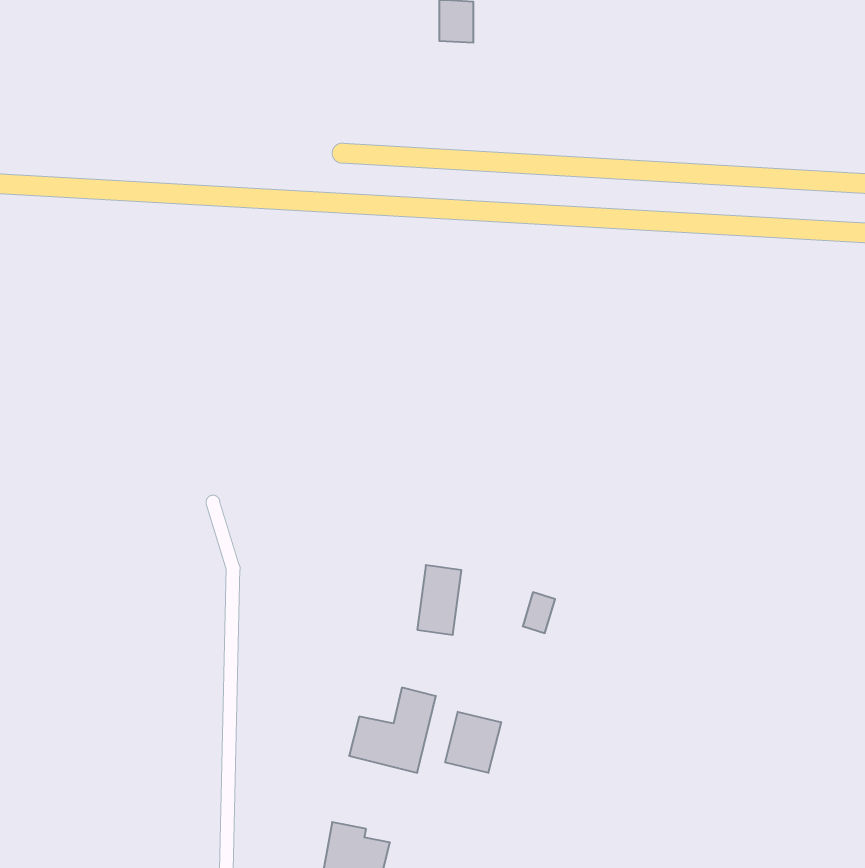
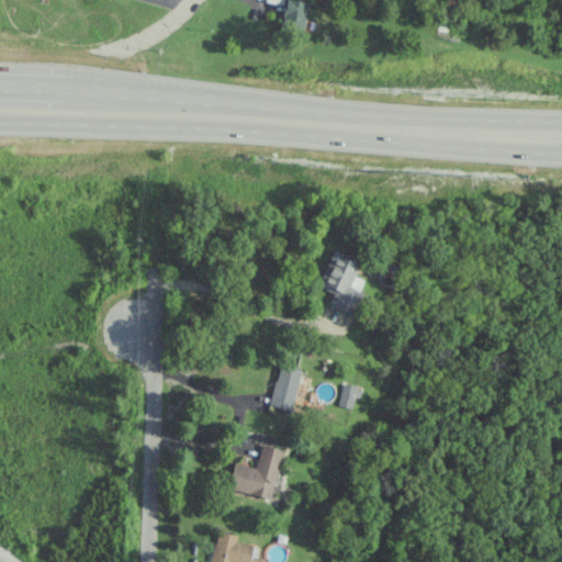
building: none -> [319,252,366,314]
building: [445,712,501,773] -> none

